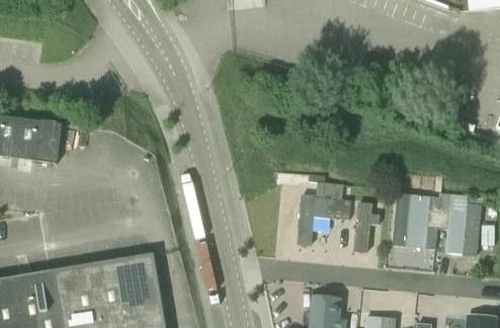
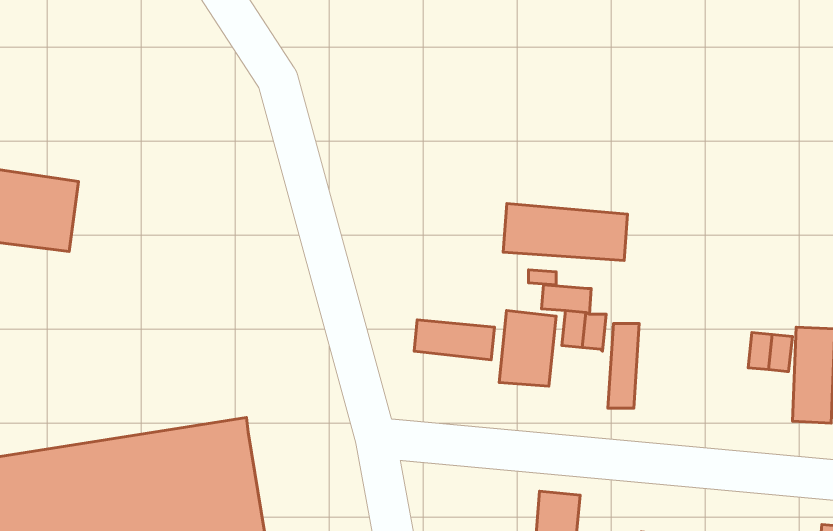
building: none -> [503,204,628,261]
building: [395,194,428,247] -> none
building: none -> [414,320,495,360]

